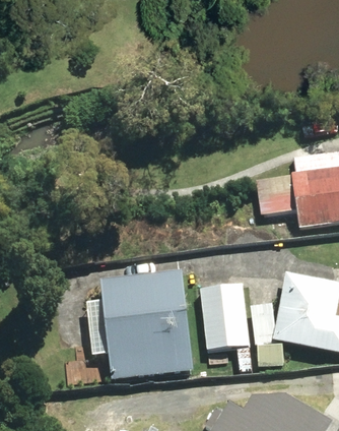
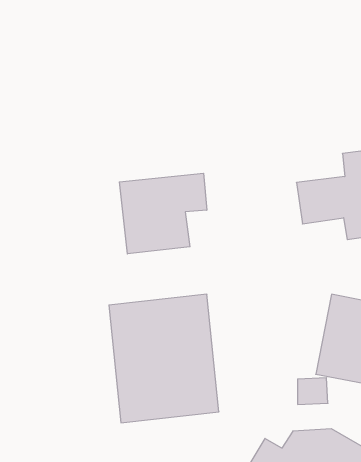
building: none -> [119,173,207,254]
building: [201,284,249,350] -> none

